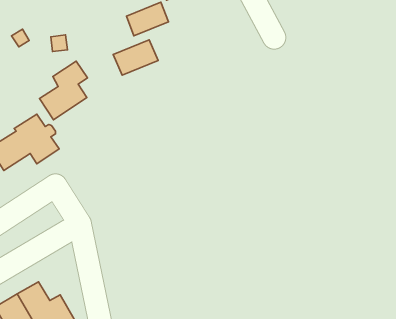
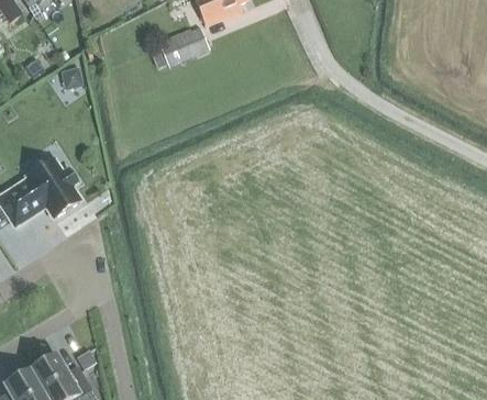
building: [113,40,158,75] -> none
building: [39,61,87,120] -> none

